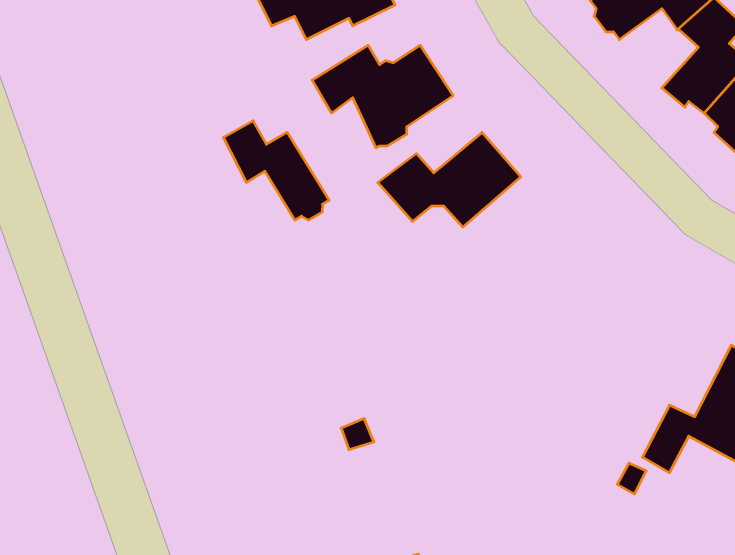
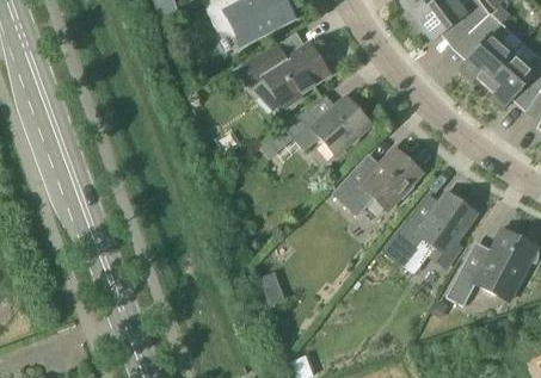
building: [223,121,329,220] -> none
building: none -> [333,148,422,215]
building: none -> [382,191,477,265]

